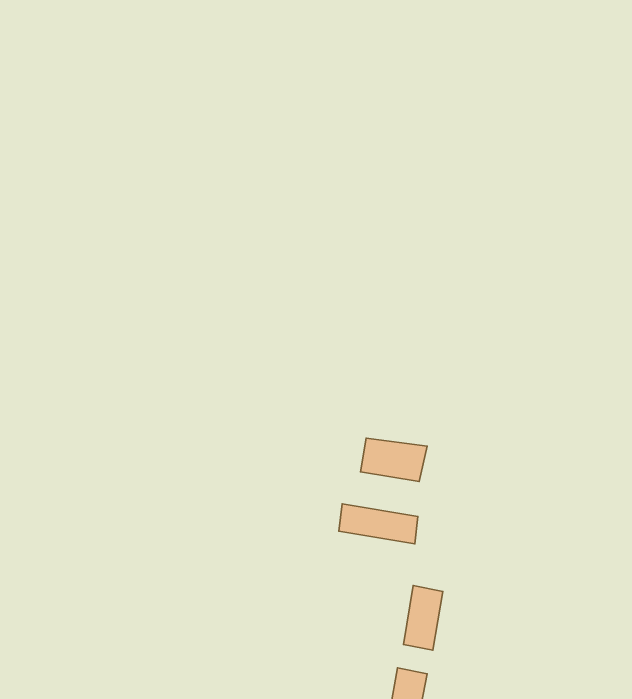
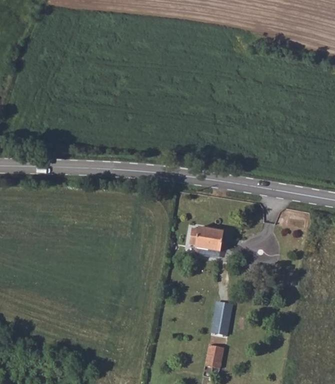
building: [339,504,418,544] -> none

